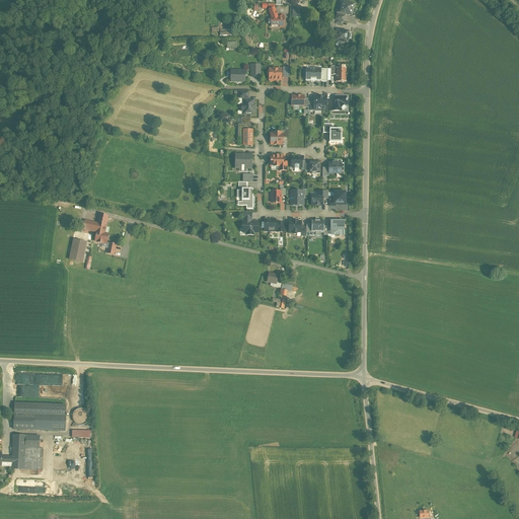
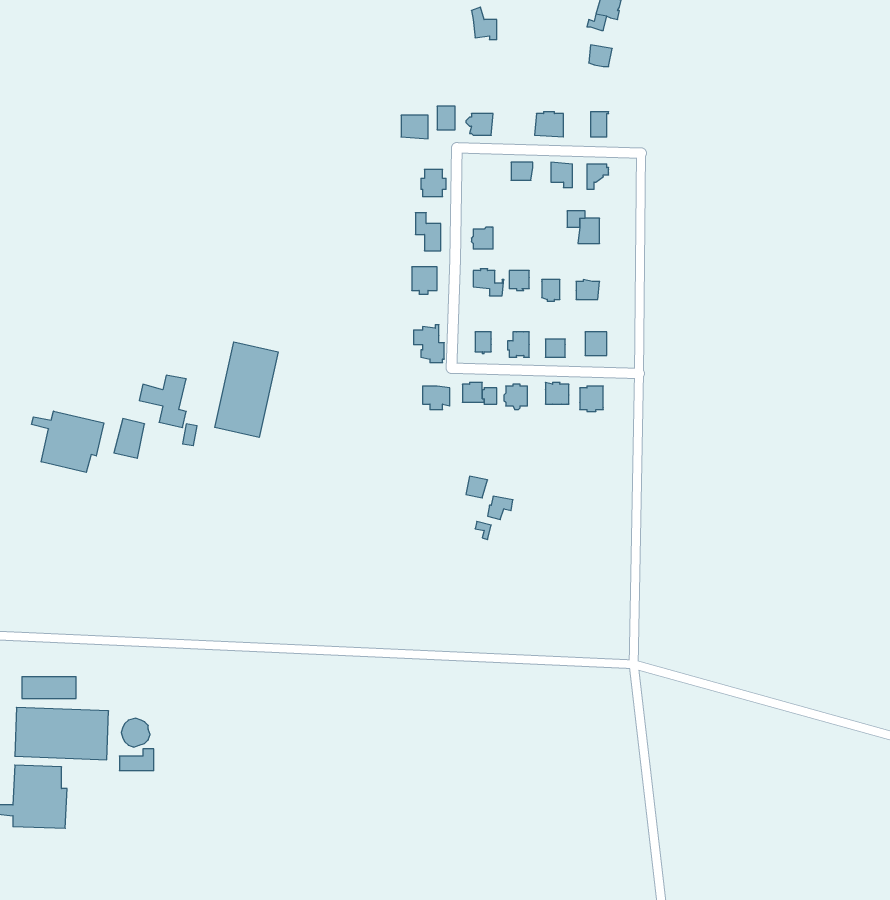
building: none -> [215,342,278,437]
building: none -> [32,411,104,472]

